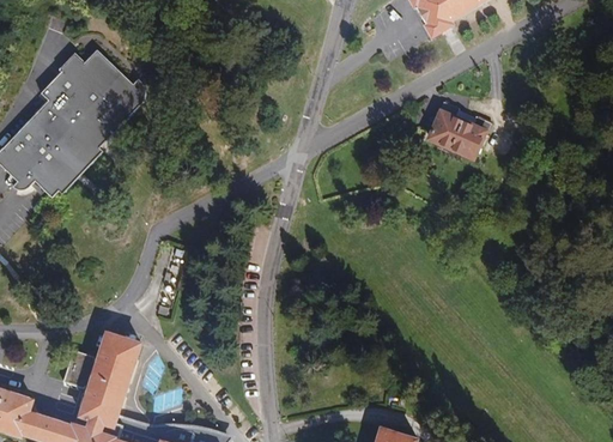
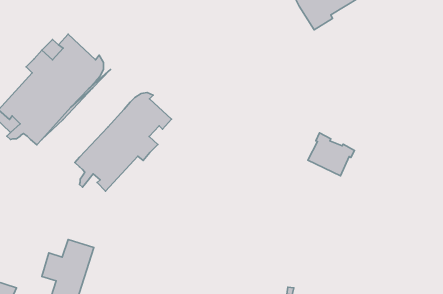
building: [425,93,488,152] -> [308,133,354,176]
building: none -> [75,92,172,191]

